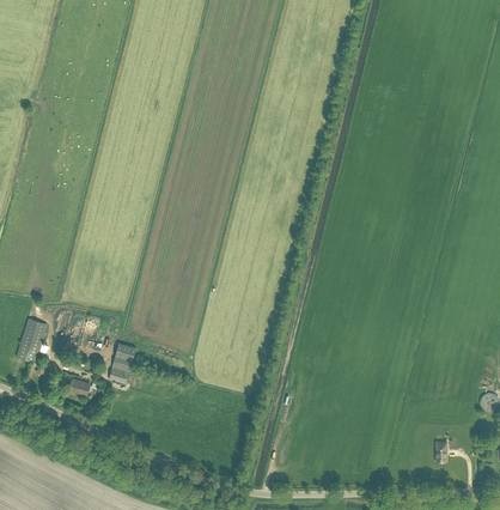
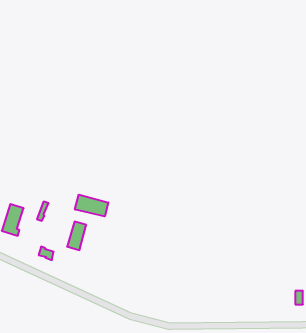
building: none -> [75,195,108,216]

